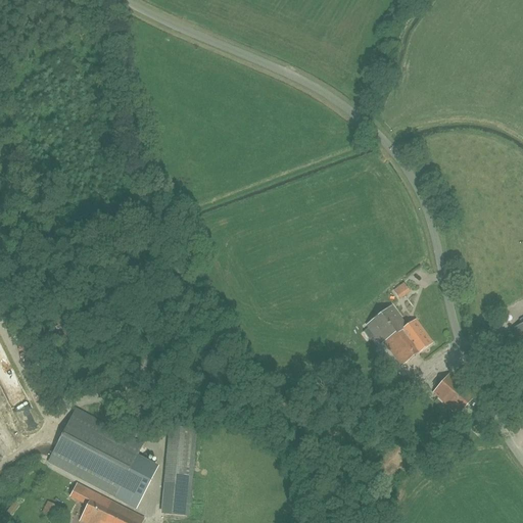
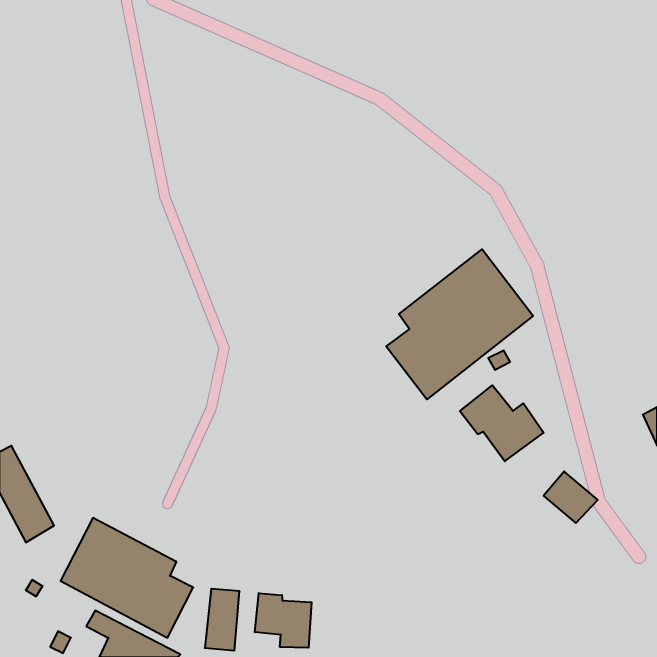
building: none -> [386,249,533,399]
building: none -> [255,593,312,648]

